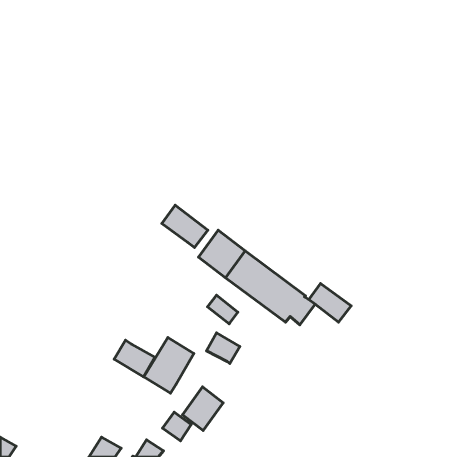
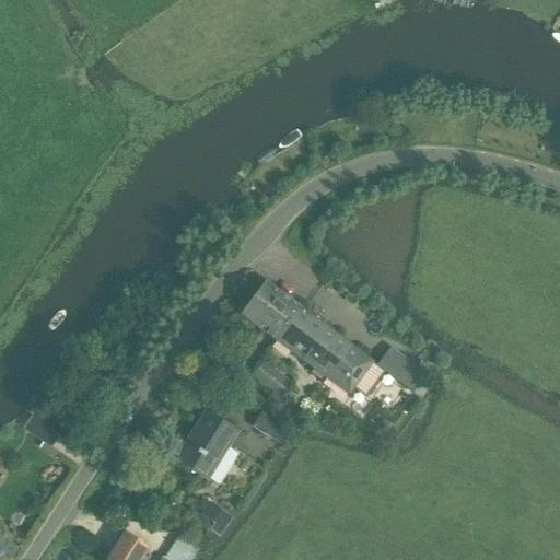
building: [162,205,208,248] -> none
building: [114,340,155,377] -> none
building: [182,387,223,431] -> none

